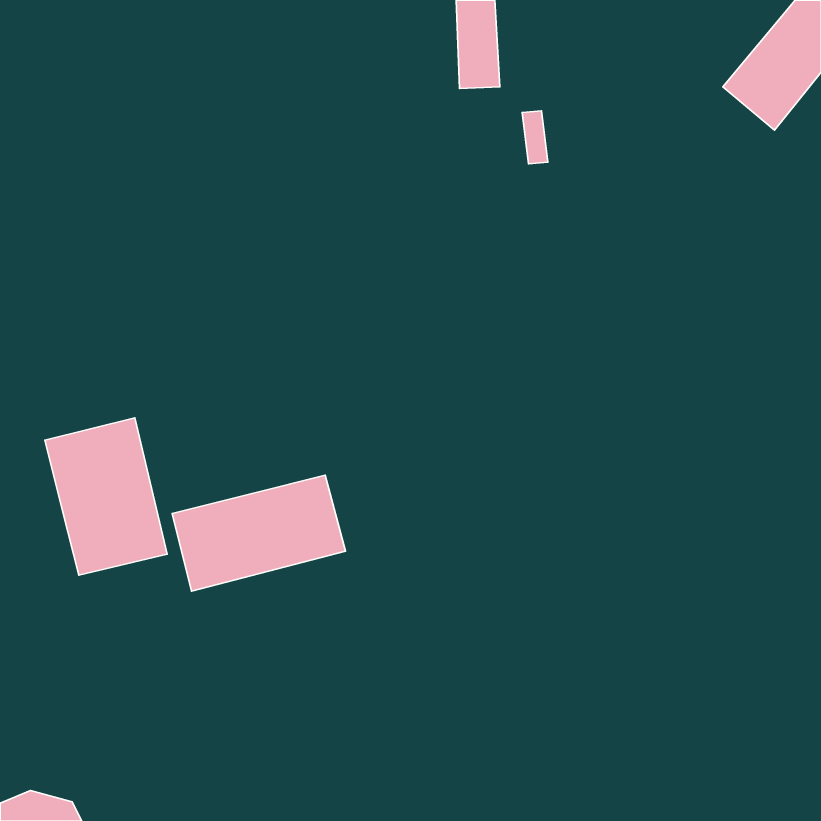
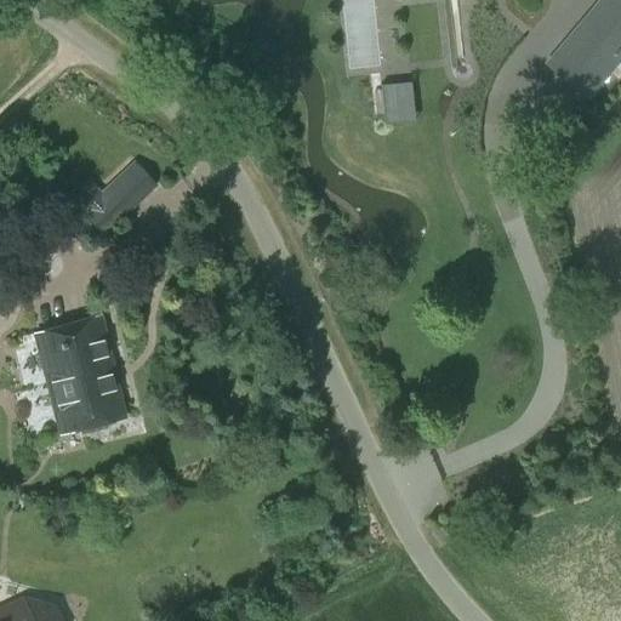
building: none -> [70,160,158,238]
building: [172,475,345,591] -> none

